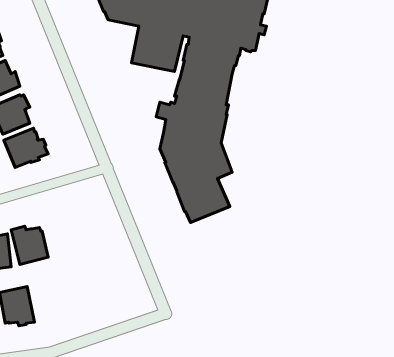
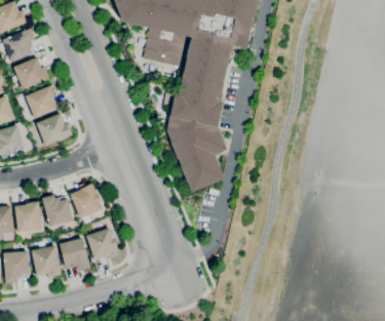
building: none -> [70,183,103,218]
building: none -> [86,228,118,260]
building: none -> [60,238,90,271]

